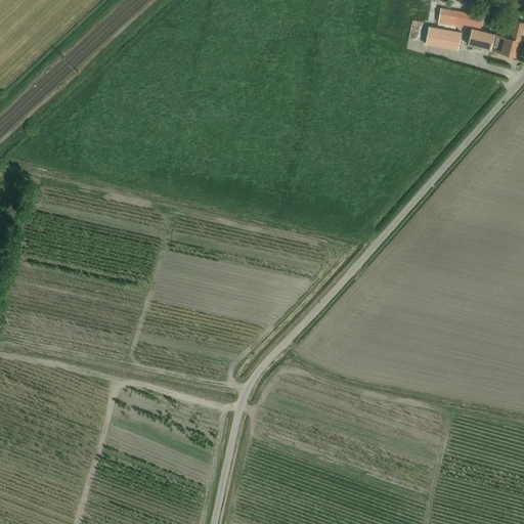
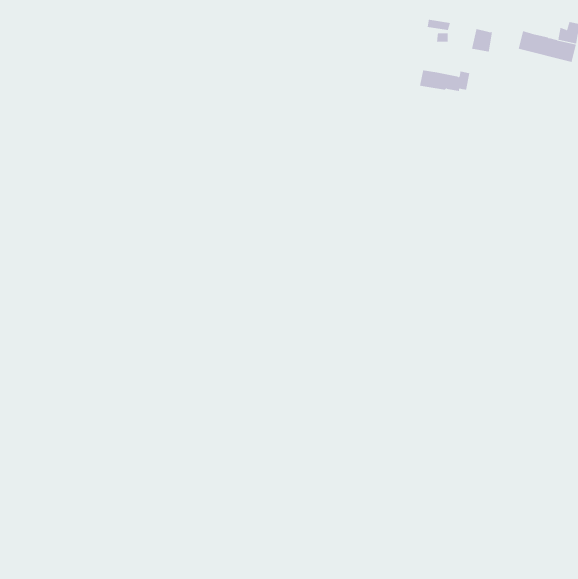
building: [439,9,485,29] -> [419,70,470,91]

